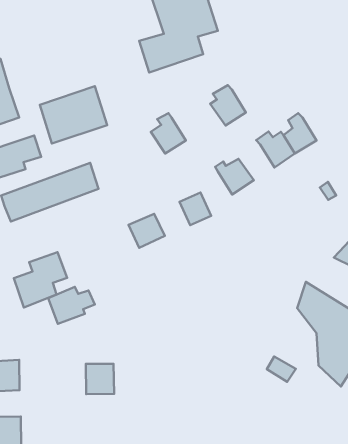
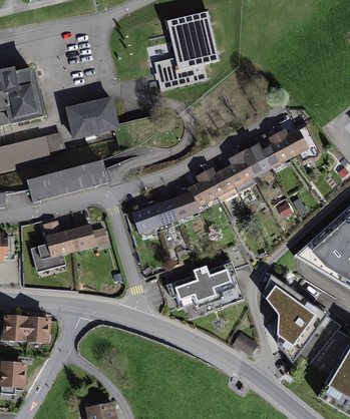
building: [210,85,246,125] -> [227,152,256,185]
building: none -> [280,128,311,157]
building: [151,113,186,153] -> [191,171,219,204]
building: none -> [152,197,182,225]
building: none -> [166,262,239,309]
building: [48,287,95,324] -> [69,223,107,252]
building: [86,364,114,394] -> [27,316,52,343]

